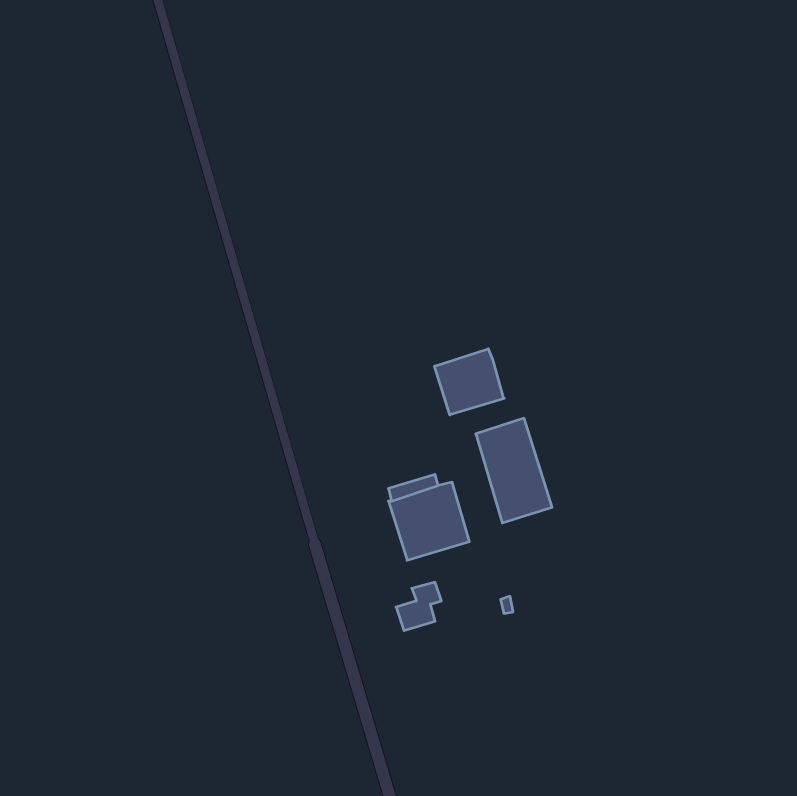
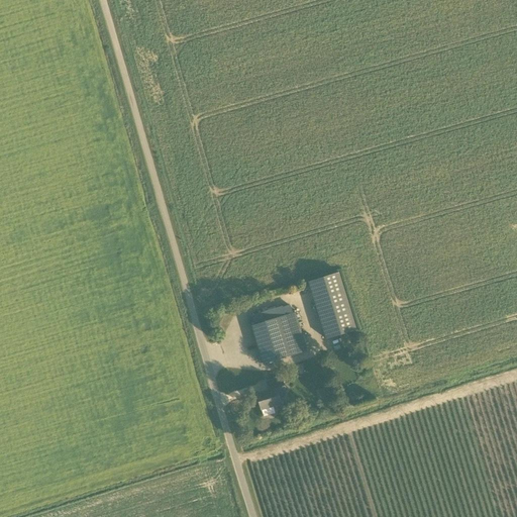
building: [435,349,504,415] -> none

